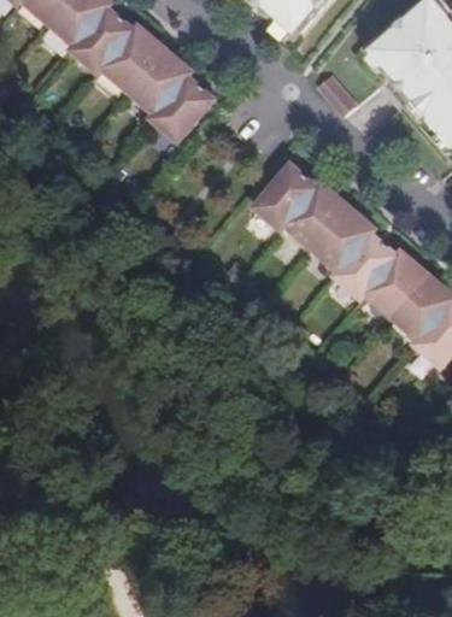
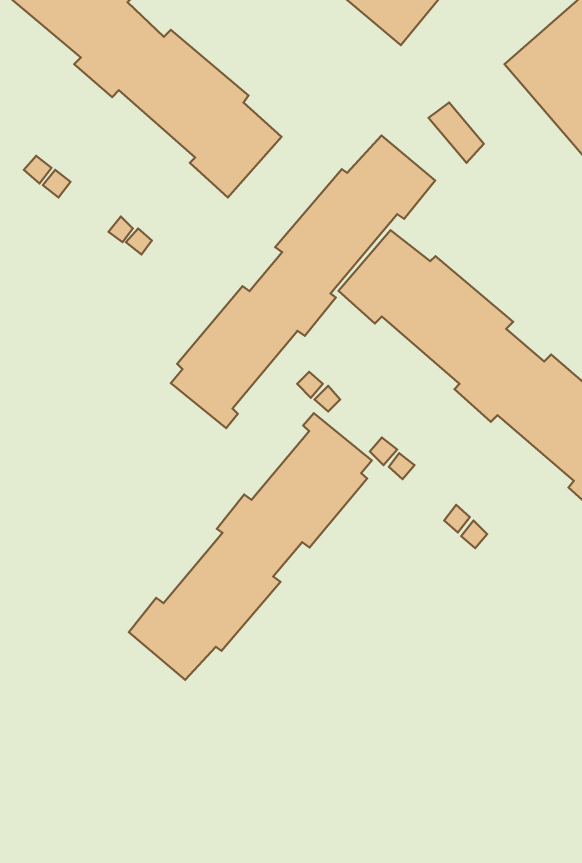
building: none -> [171,135,435,428]
building: none -> [129,413,372,680]

